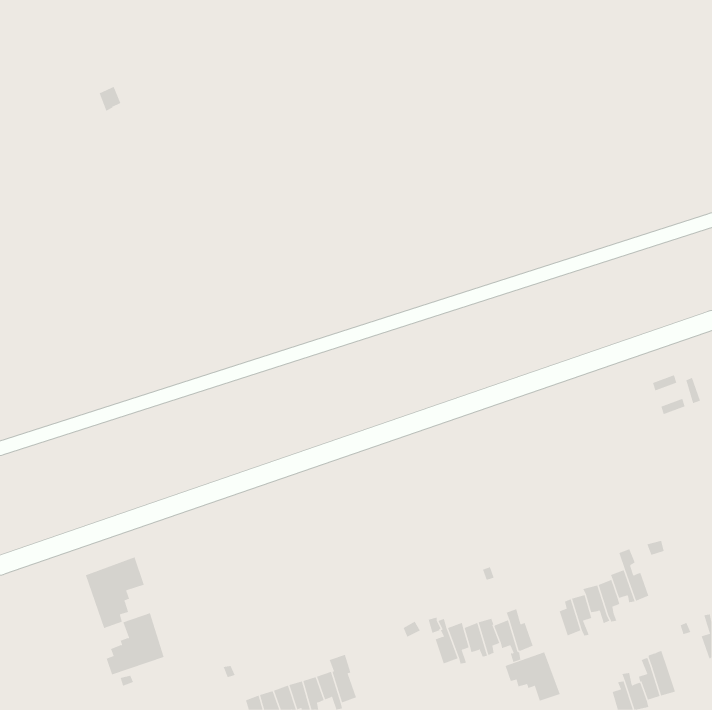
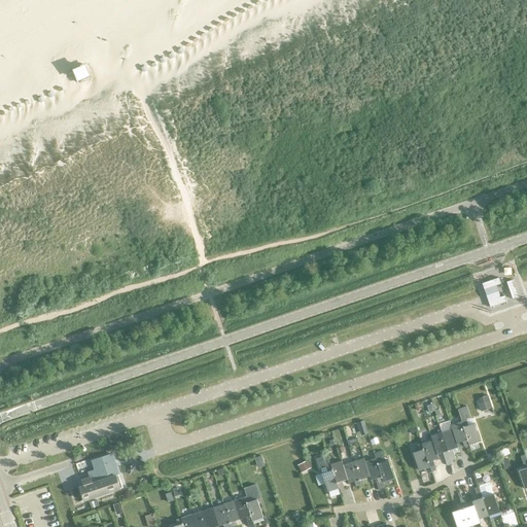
building: [85,556,144,629] -> none
building: [505,652,561,702] -> none

